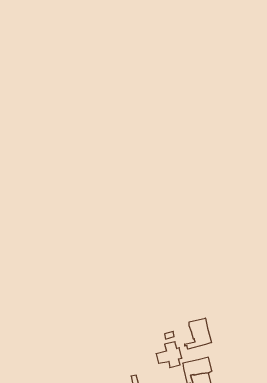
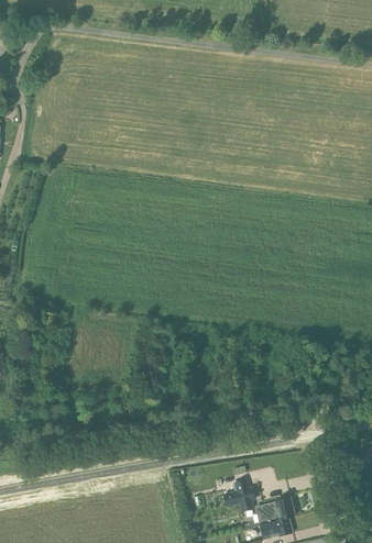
building: [185,318,211,349] -> none

